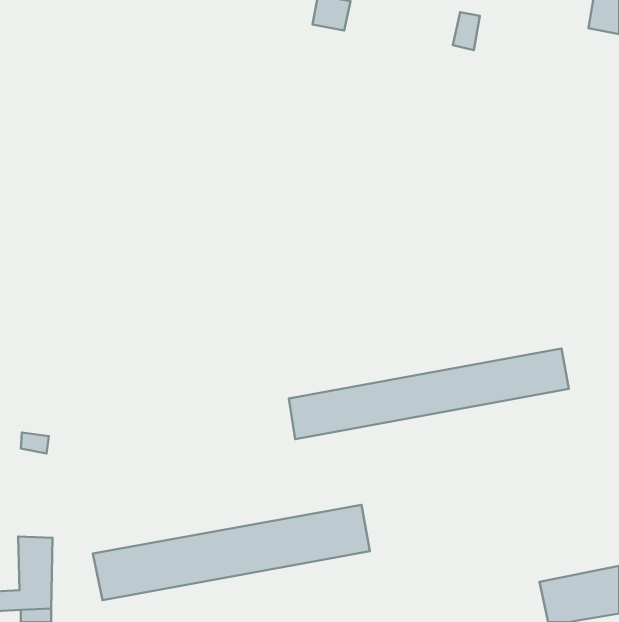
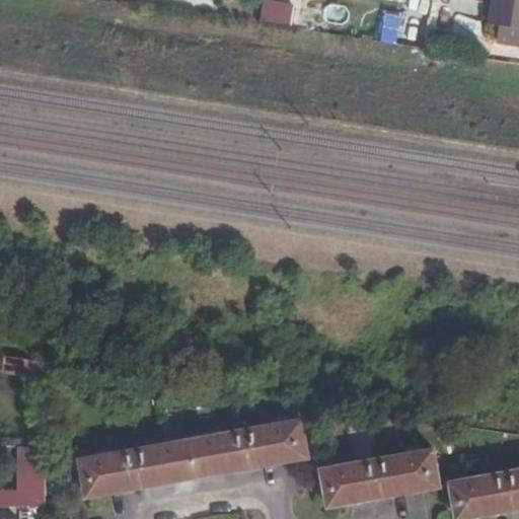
building: [289,349,569,439] -> none
building: none -> [320,449,438,507]

